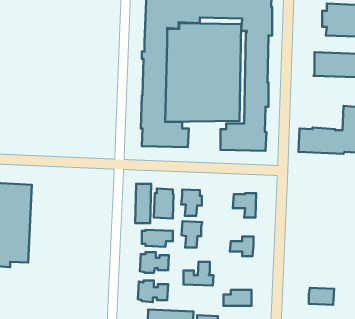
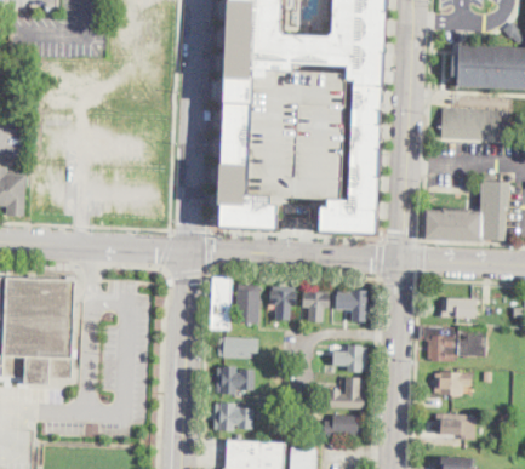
building: none -> [438,296,479,318]
building: none -> [417,325,485,361]
building: [182,221,202,248] -> [301,287,327,321]
building: none -> [432,372,469,396]
building: [184,262,214,285] -> [325,377,364,407]

